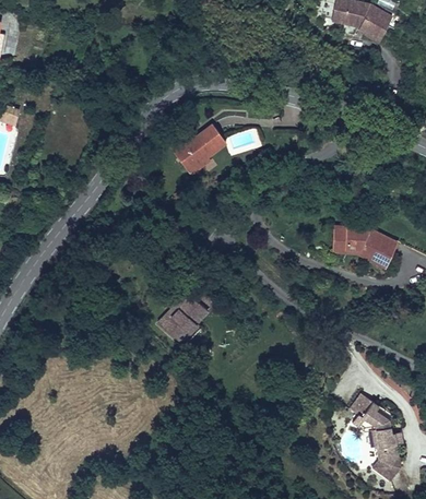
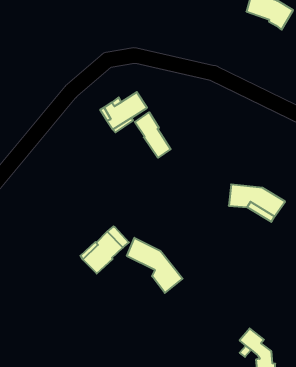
building: none -> [135,112,171,158]
building: none -> [127,238,183,293]

